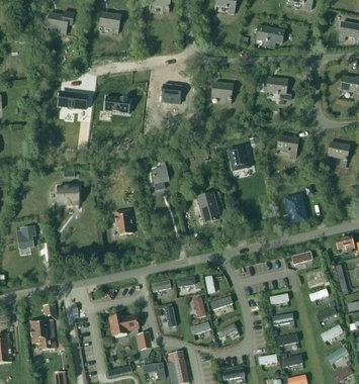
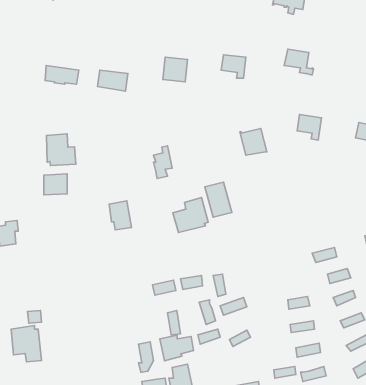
building: none -> [47,134,76,165]
building: [286,195,305,223] -> none
building: none -> [173,198,208,232]
building: [109,314,139,337] -> [160,335,194,361]

